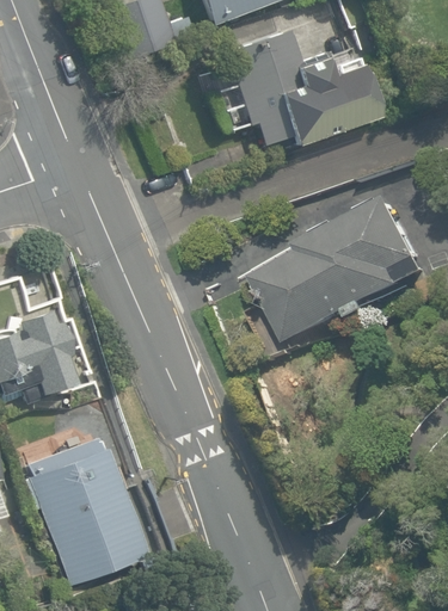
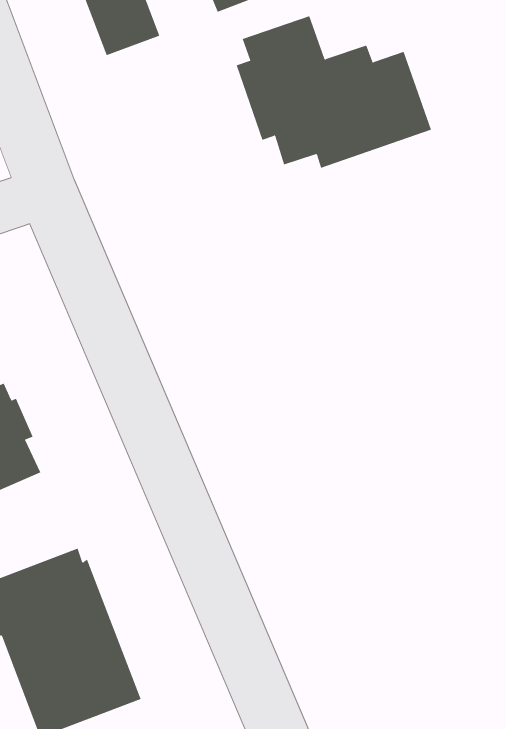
building: [259,197,428,345] -> none

